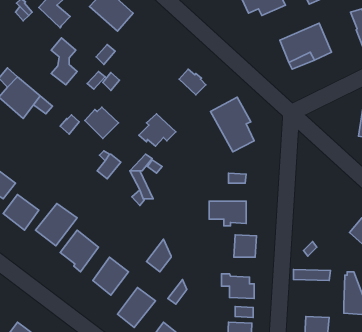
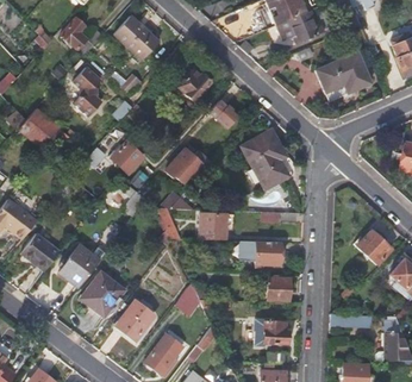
building: none -> [177,68,211,101]
building: none -> [199,212,227,239]
building: none -> [357,228,393,264]

